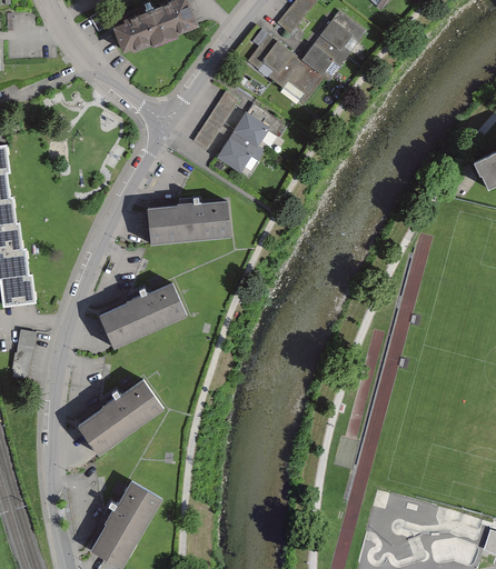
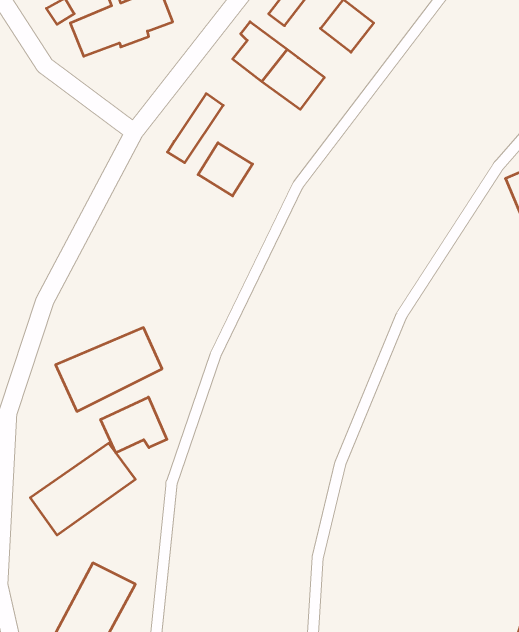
building: [300,33,345,78] -> none
building: [234,101,281,147] -> none
building: [148,202,230,244] -> none
building: none -> [101,397,167,453]

